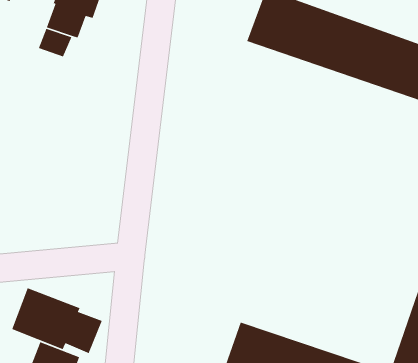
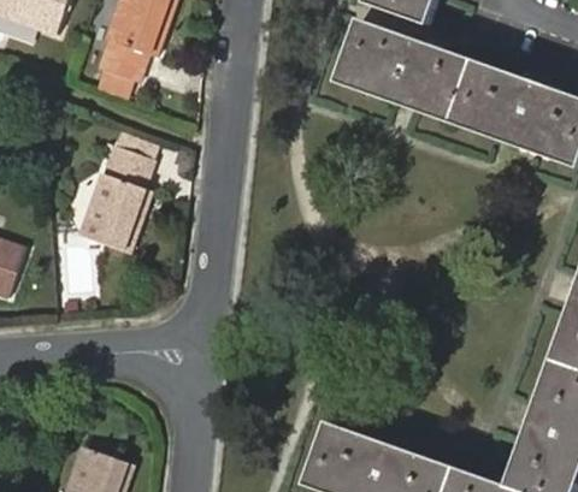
building: none -> [73,146,151,254]
building: [11,287,103,354] -> none

